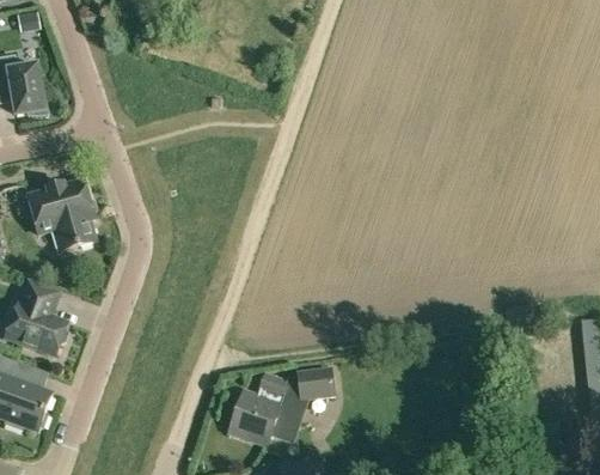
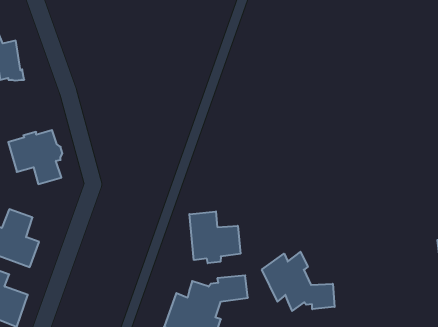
building: none -> [189,211,240,263]
building: none -> [262,252,335,311]

